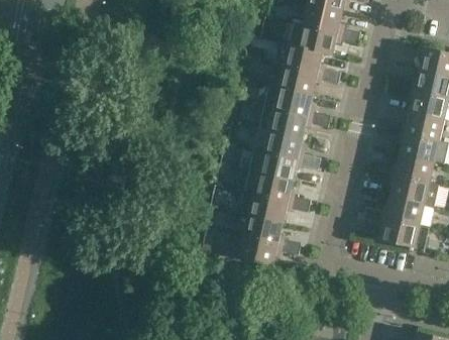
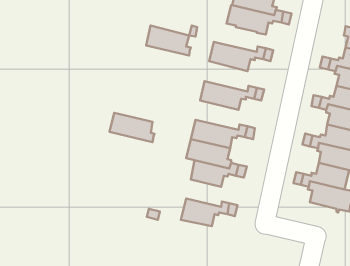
building: [284,43,324,75] -> none
building: [264,85,314,118] -> [146,25,191,56]
building: [254,128,304,160] -> [110,113,154,142]
building: [244,215,285,245] -> none

